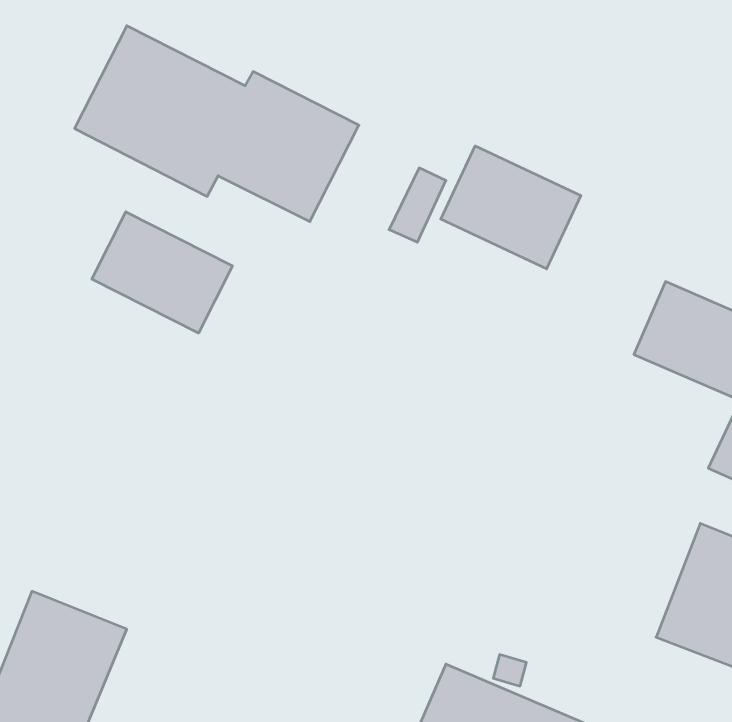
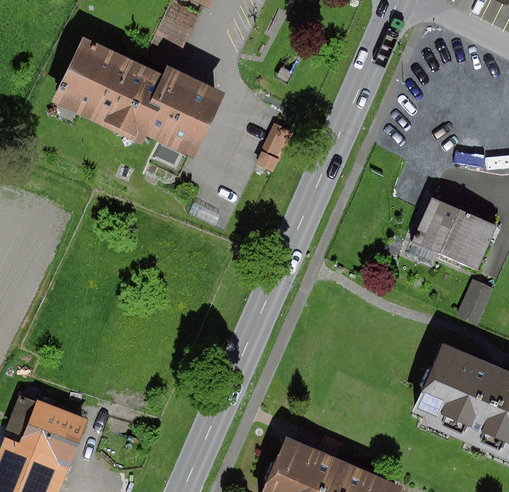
building: [441,146,581,269] -> none
building: [92,212,232,333] -> none

